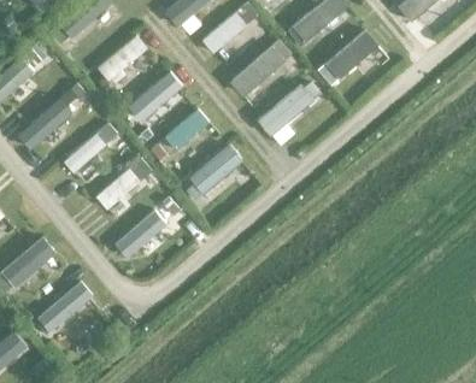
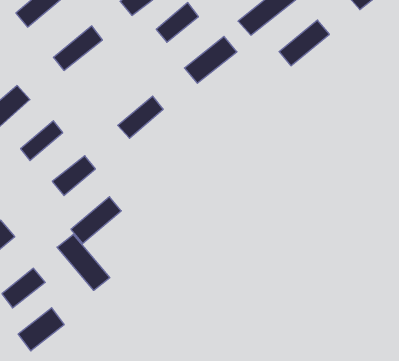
building: [127,71,183,124] -> none
building: [255,83,313,137] -> none
building: [184,145,243,201] -> none
building: none -> [57,234,110,290]
building: none -> [18,308,64,351]

